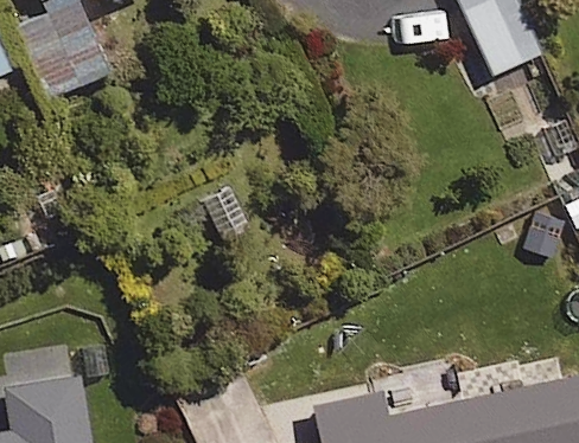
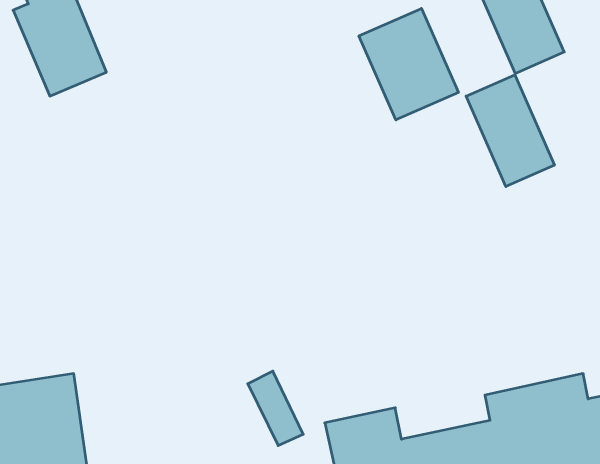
building: none -> [359,8,458,120]
building: none -> [466,75,554,187]

